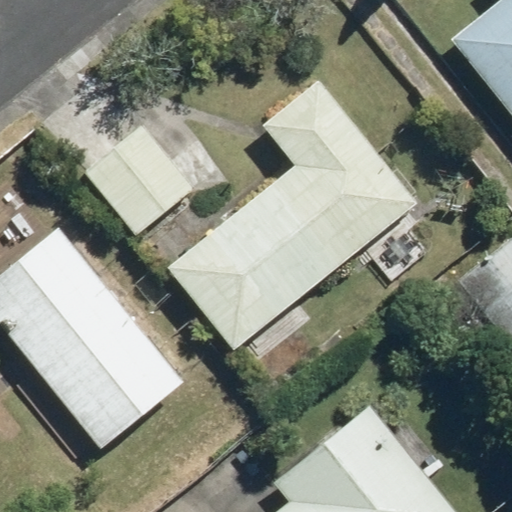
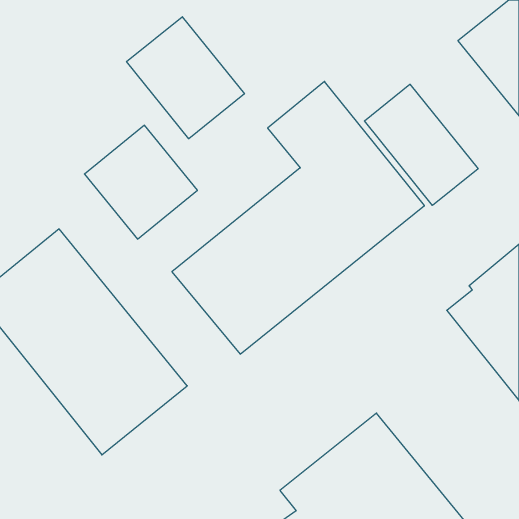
building: none -> [127,17,244,139]
building: none -> [364,84,478,205]

